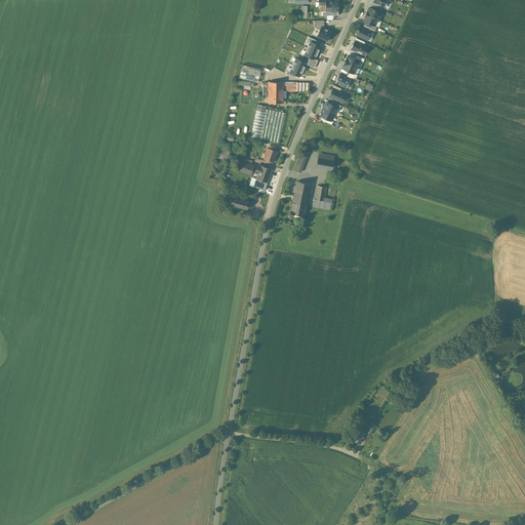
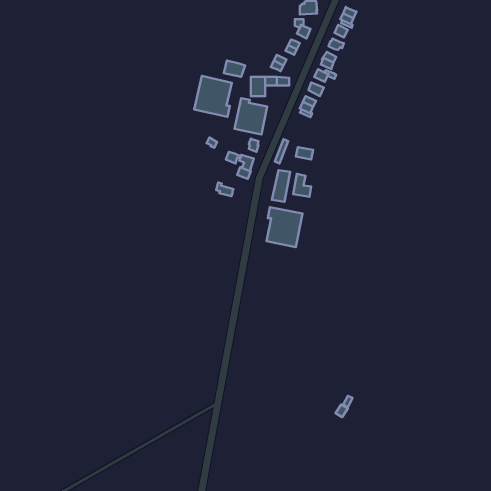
building: none -> [194,76,232,117]
building: none -> [266,207,302,247]

